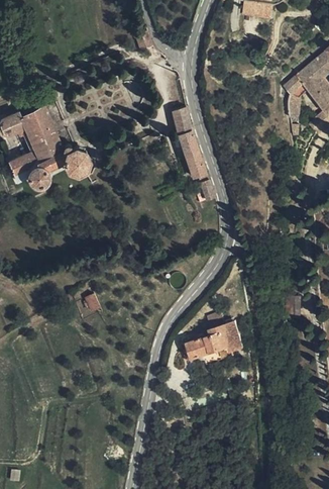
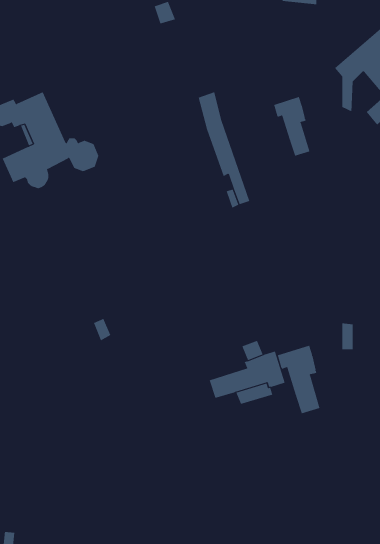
building: none -> [273,96,310,156]
building: none -> [277,345,320,414]

